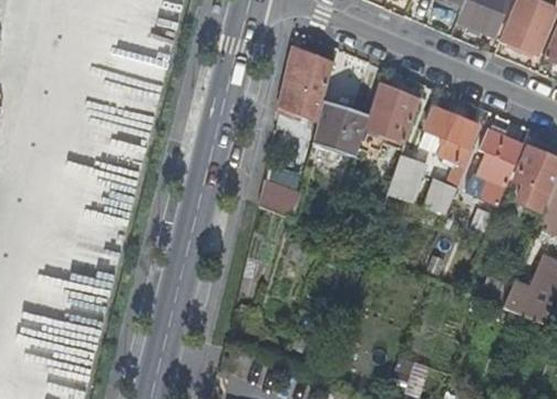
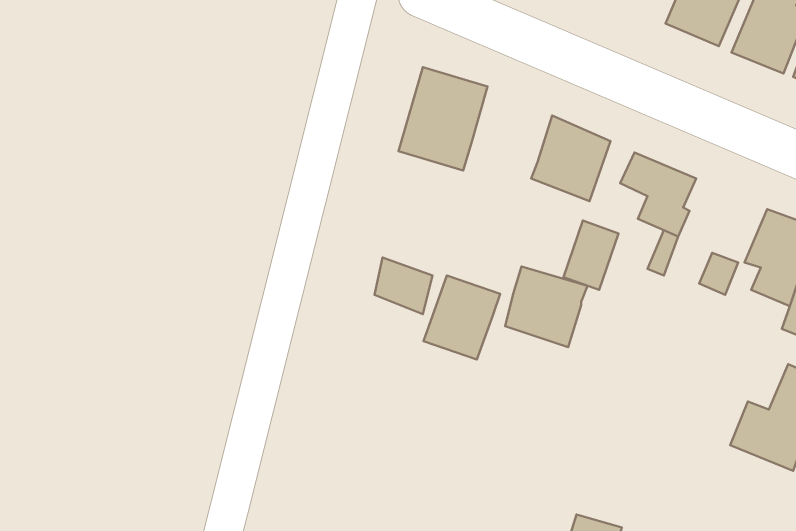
building: [314,102,371,157] -> [505,266,588,347]
building: [477,130,525,166] -> none
building: none -> [423,275,500,359]

